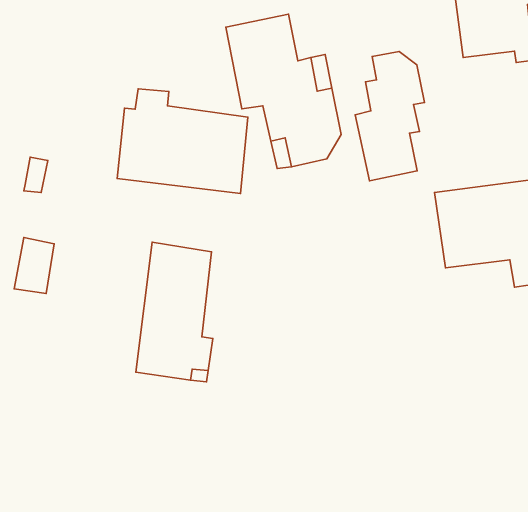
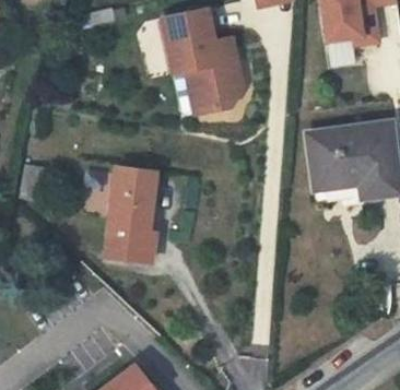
building: [355,51,424,181] -> none
building: [117,89,248,194] -> none

